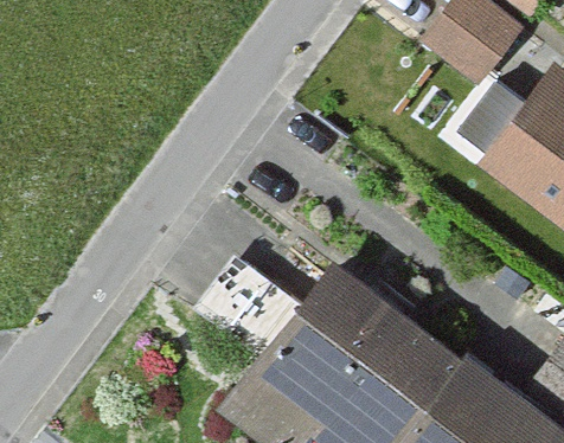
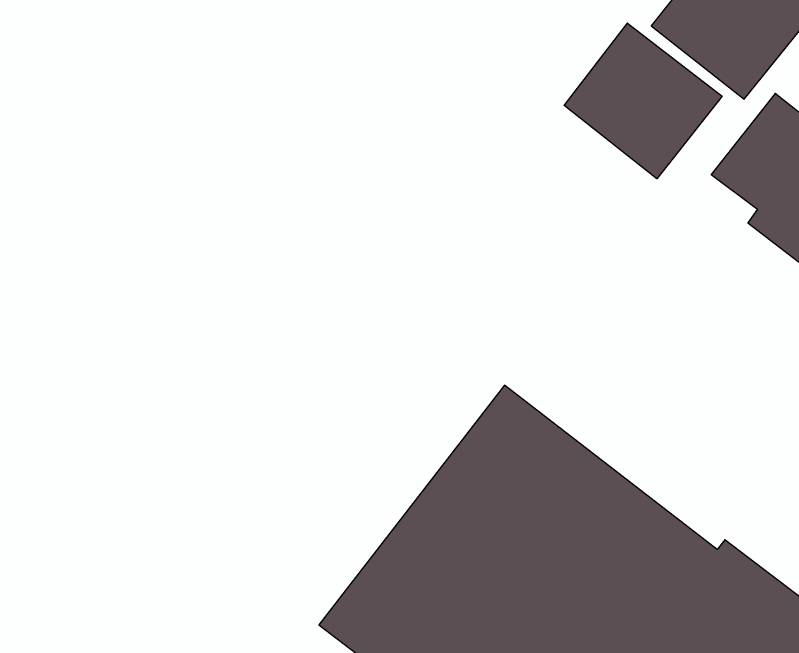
building: none -> [564,23,722,179]

